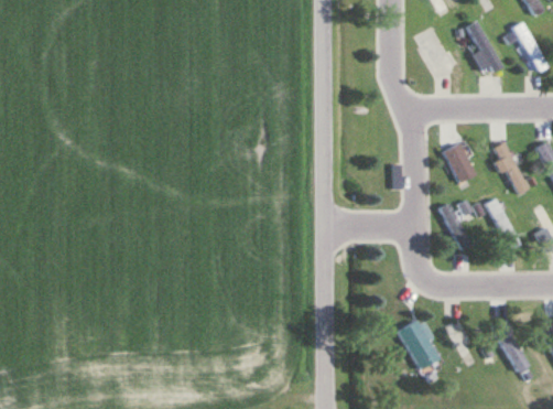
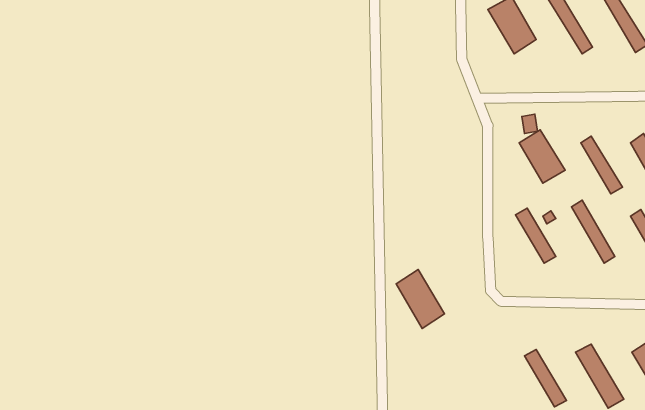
building: [397,319,437,368] -> [396,270,444,328]

